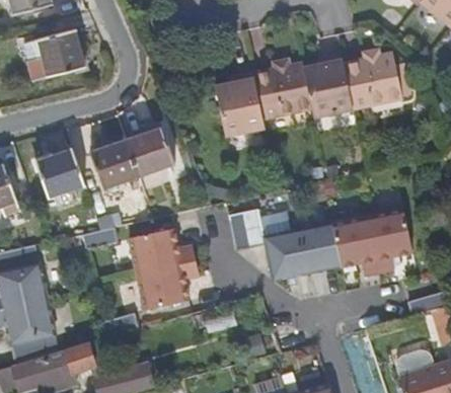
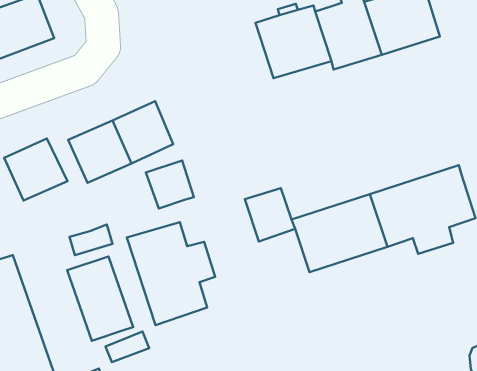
building: [212,72,262,135] -> none
building: none -> [146,161,194,208]
building: none -> [67,256,133,341]

